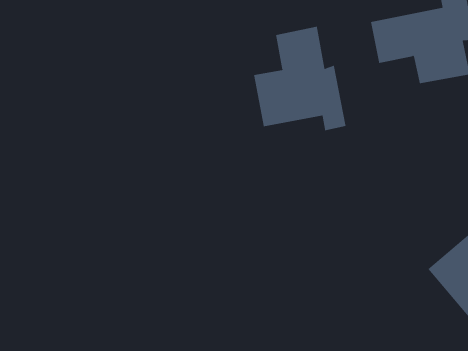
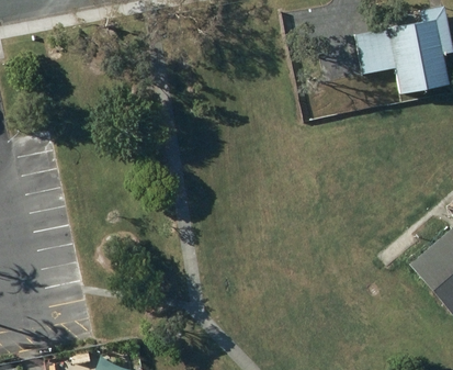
building: [254,26,346,131] -> none

